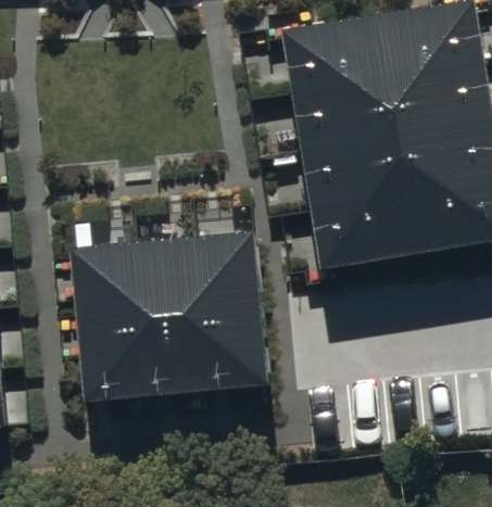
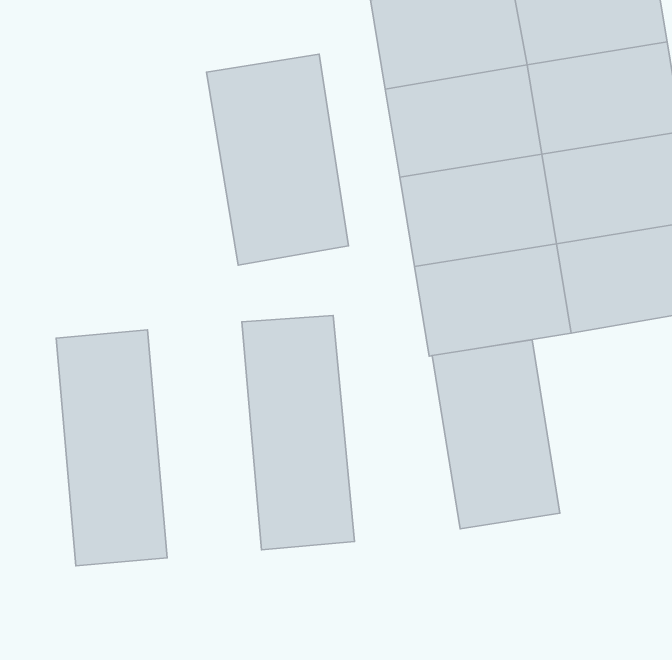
building: none -> [206,54,348,265]
building: [133,240,209,397] -> none
building: none -> [432,340,560,529]

